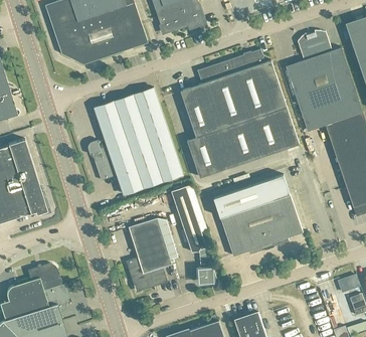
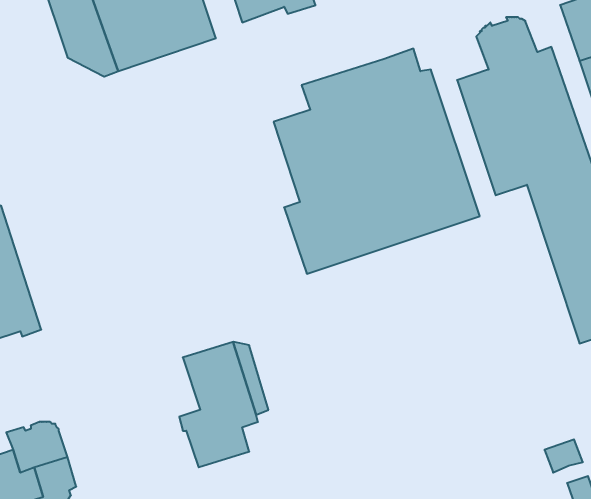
building: [90,88,182,194] -> none
building: [213,174,302,256] -> none
building: [171,186,216,283] -> none

